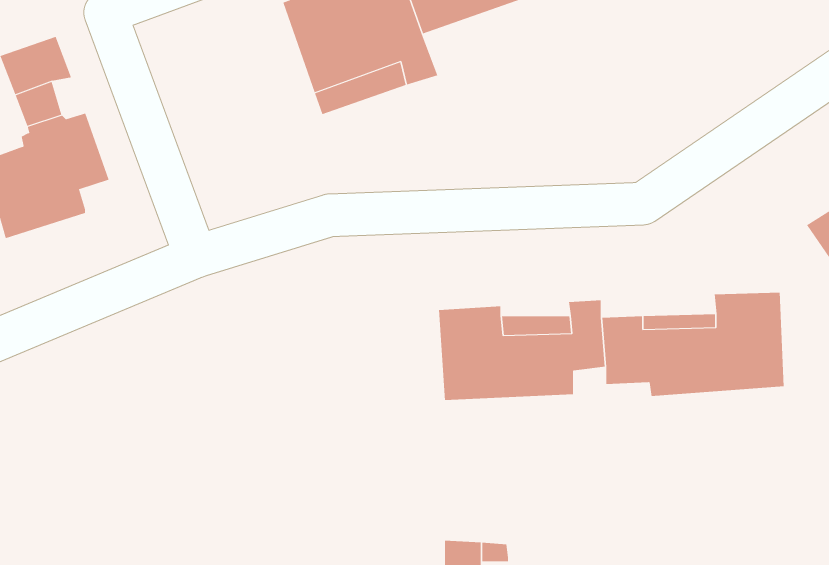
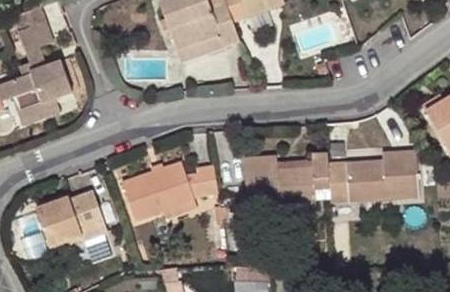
building: none -> [116,161,216,219]
building: none -> [31,190,103,249]

